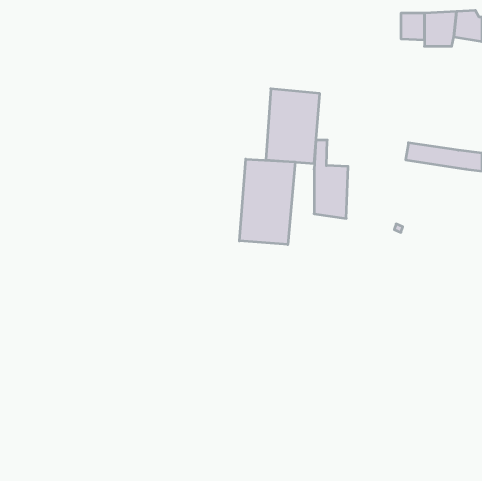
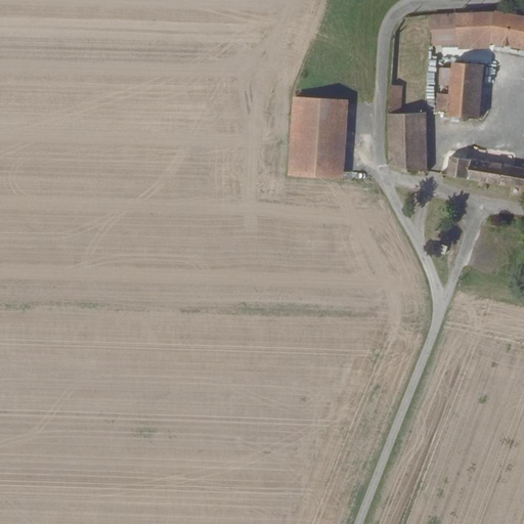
building: none -> [437,62,487,117]
building: [314,140,348,218] -> [389,86,426,171]
building: [239,159,295,245] -> none

